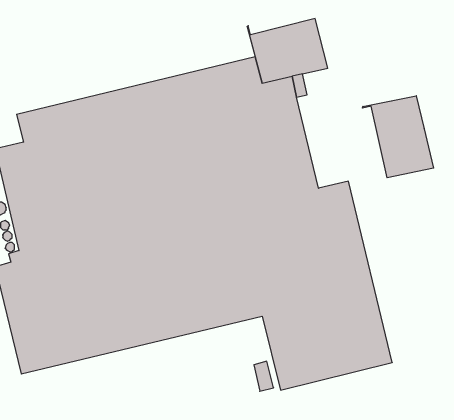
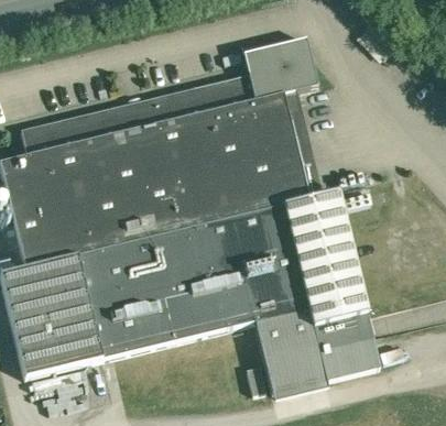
building: [362,96,434,178] -> none

